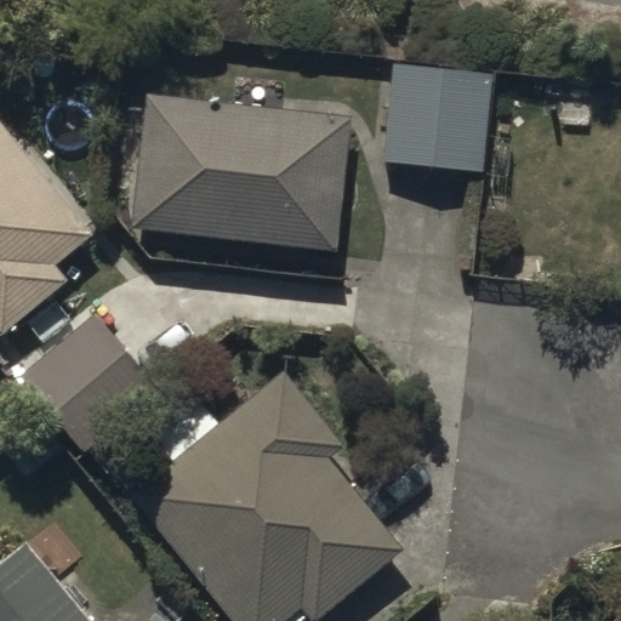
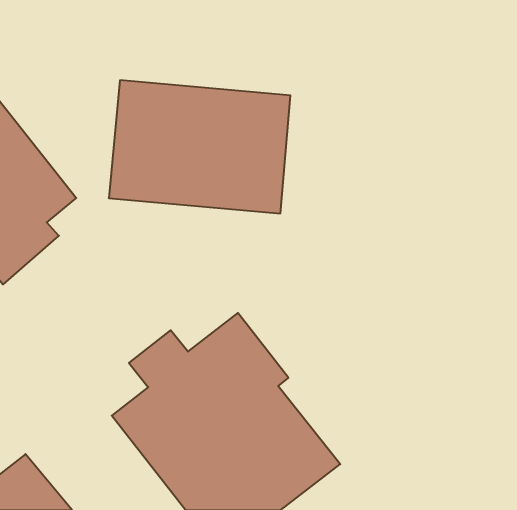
building: [381,58,498,173] -> none
building: [18,307,165,454] -> none

